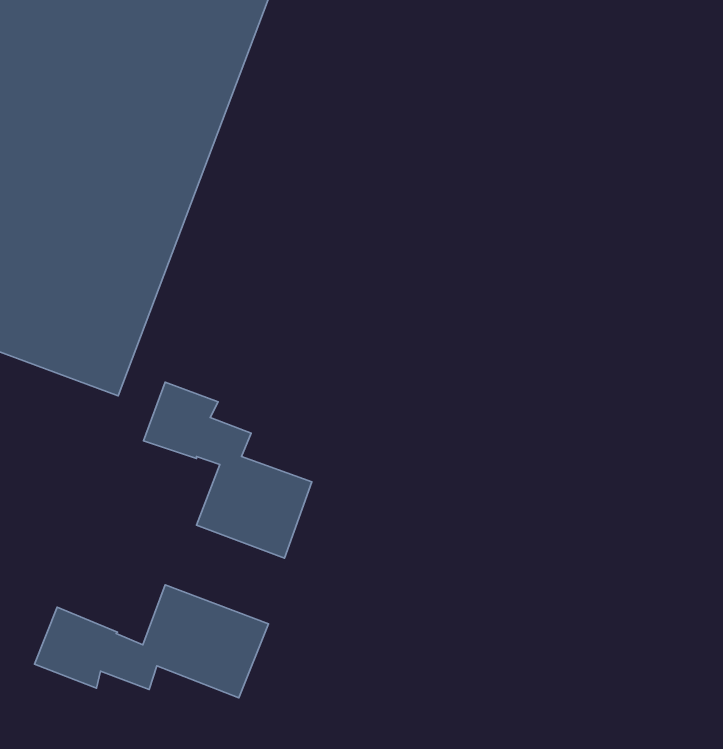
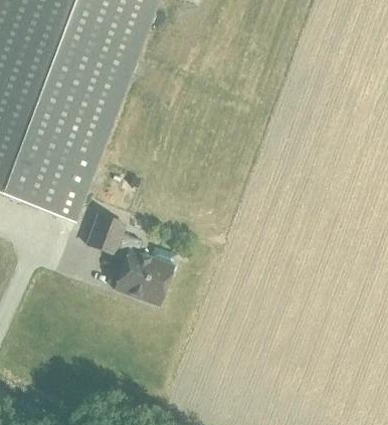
building: [35,585,269,698] -> none

